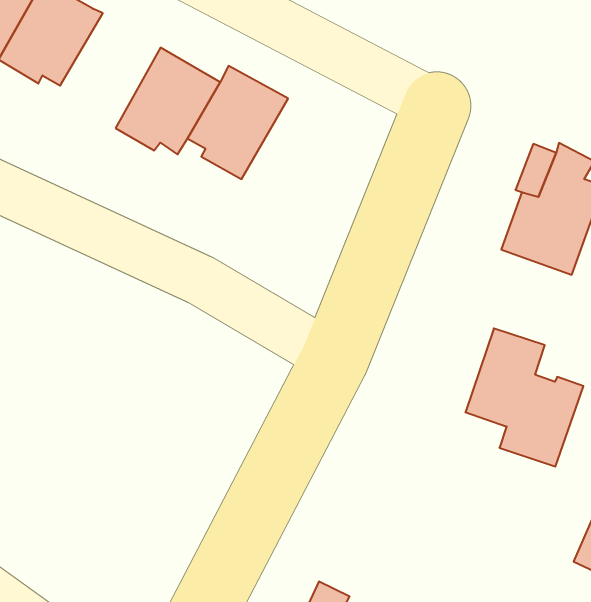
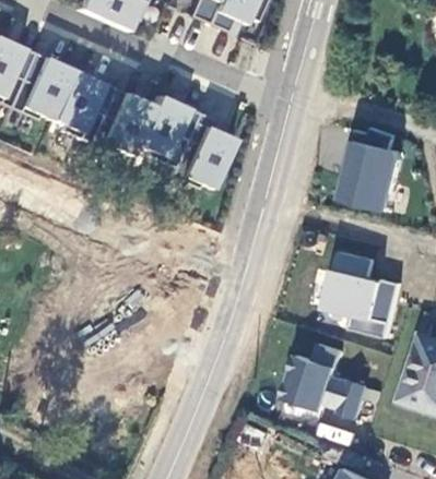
building: none -> [46,69,108,142]
building: none -> [164,112,228,189]
building: none -> [286,339,367,414]

